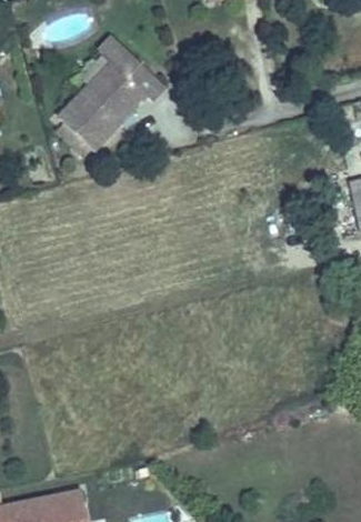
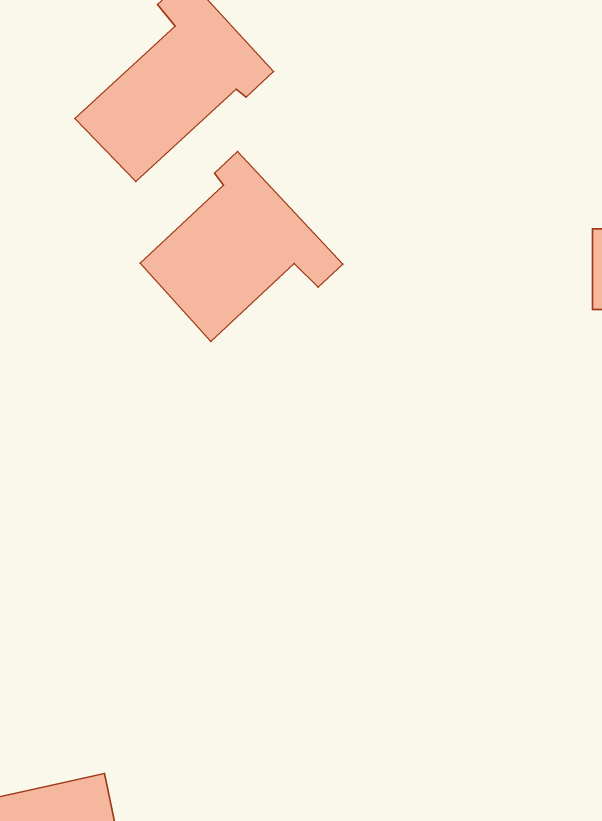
building: none -> [140,152,343,342]

